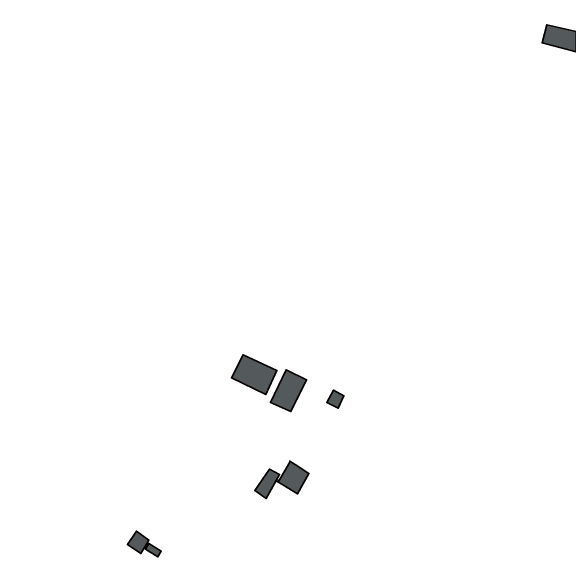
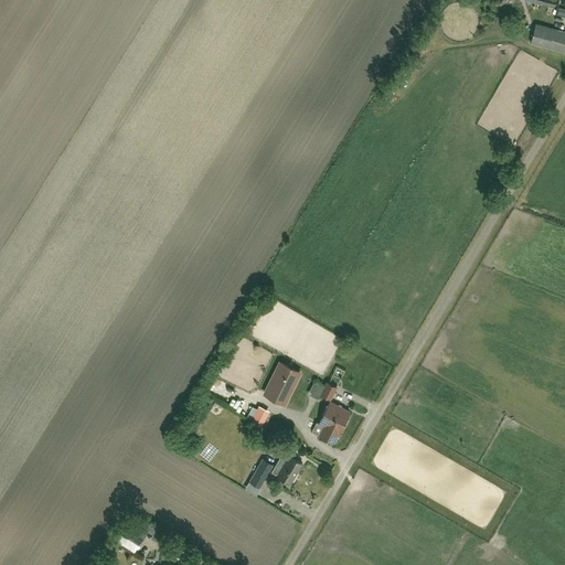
building: [231,355,277,394] -> none
building: none -> [319,403,350,444]

